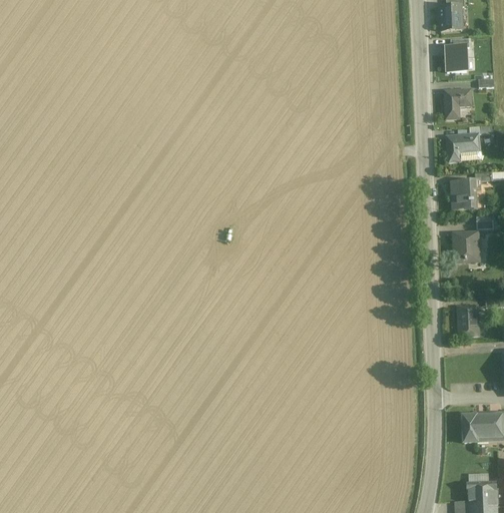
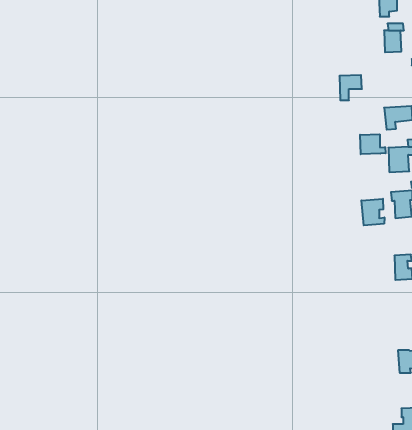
building: [445,90,471,119] -> [339,75,362,100]
building: none -> [360,134,386,154]
building: none -> [361,199,384,225]

